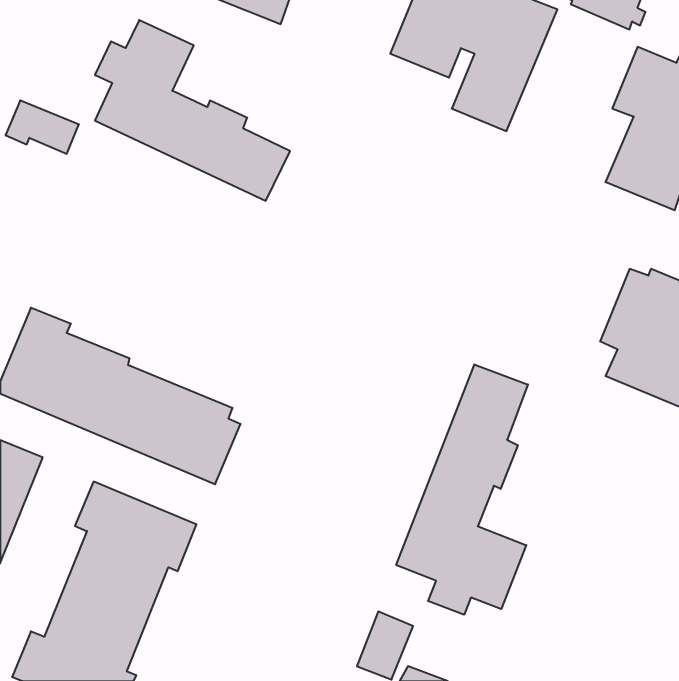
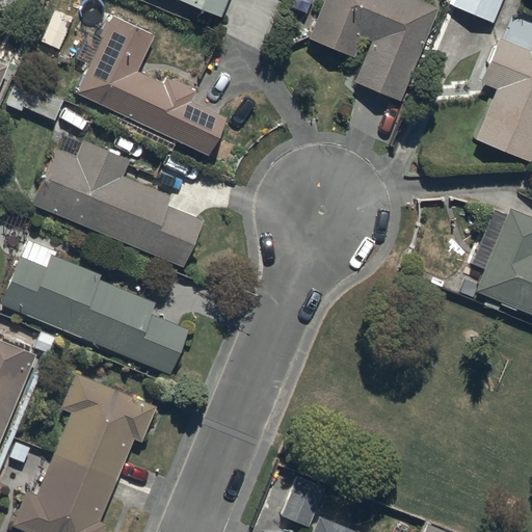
building: none -> [31,142,206,268]
building: [396,364,528,615] -> none

